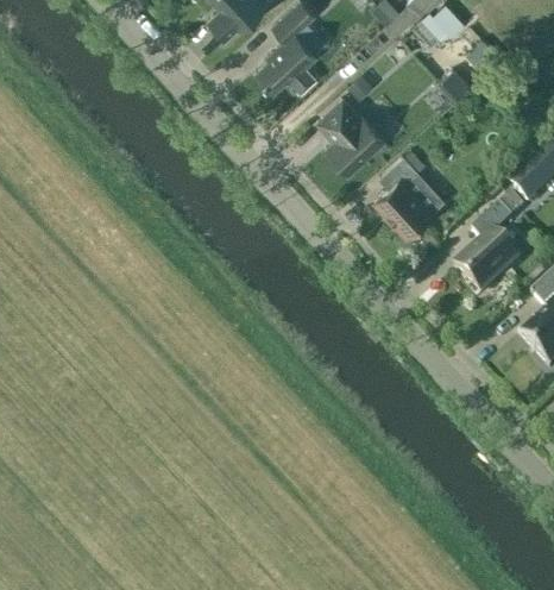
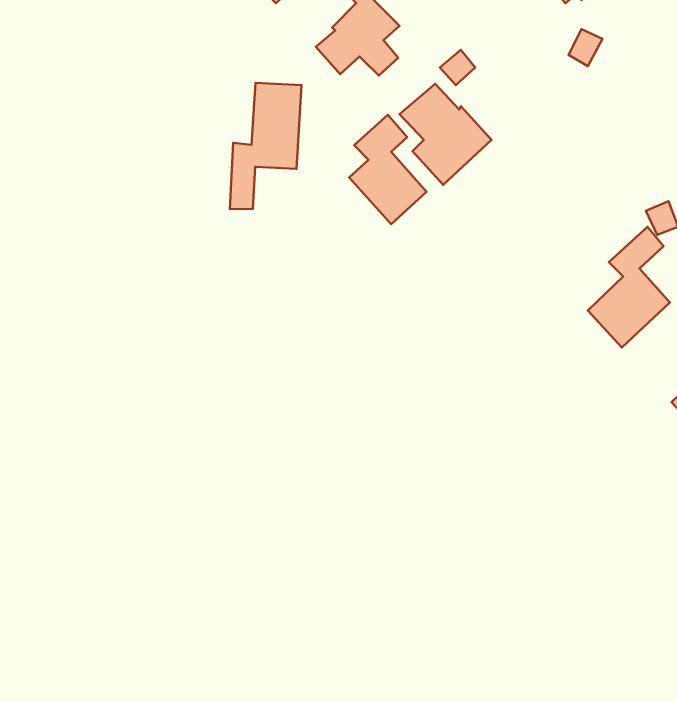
building: none -> [230,83,301,209]
building: [374,157,432,238] -> [349,115,427,224]

